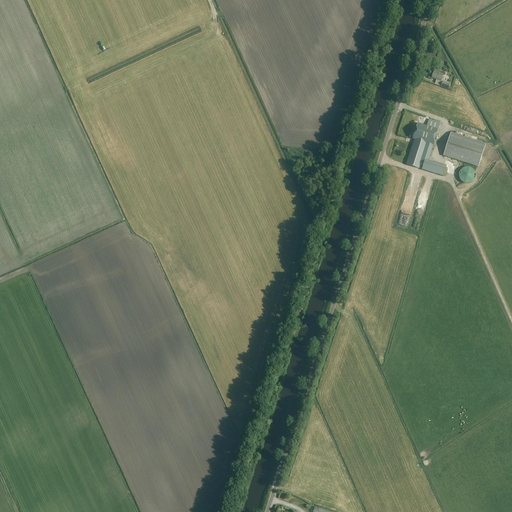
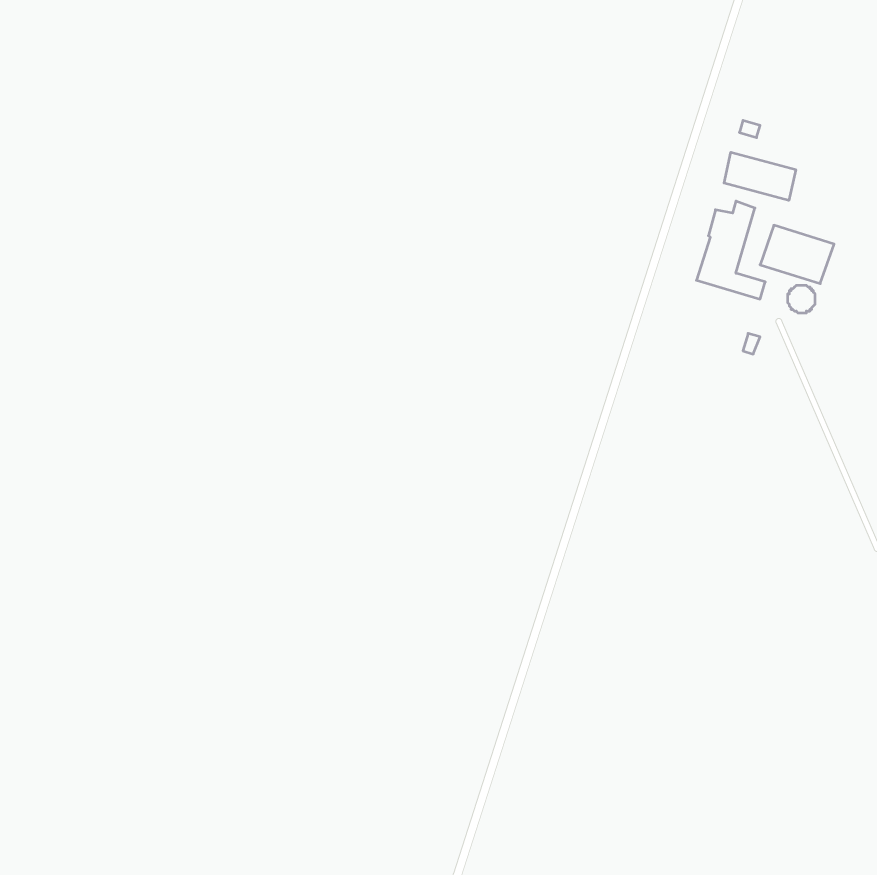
building: none -> [724,152,796,200]

